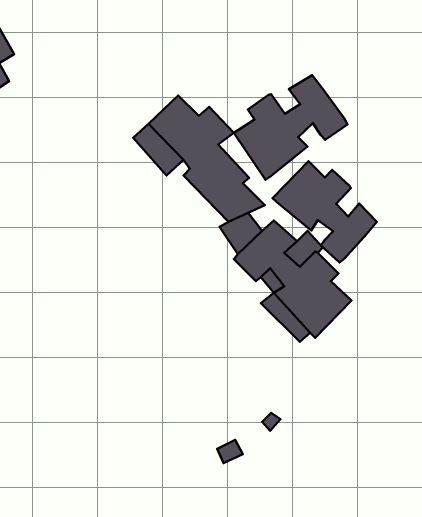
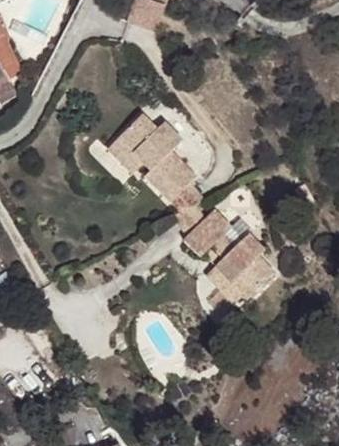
building: [234,75,347,180] -> none
building: [273,161,377,263] -> none

